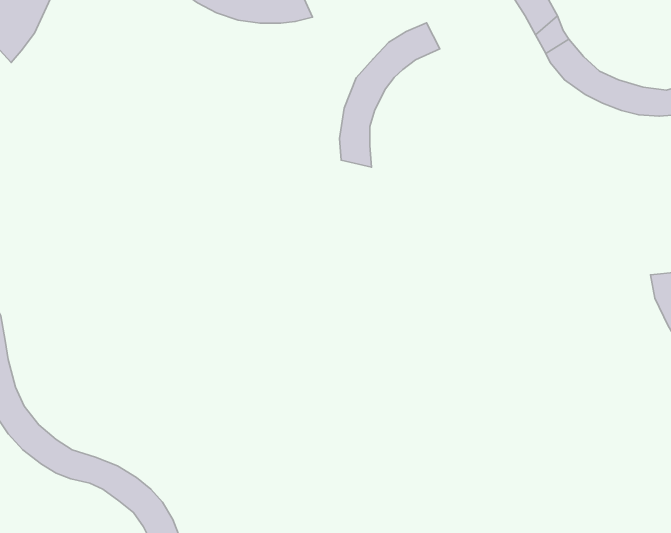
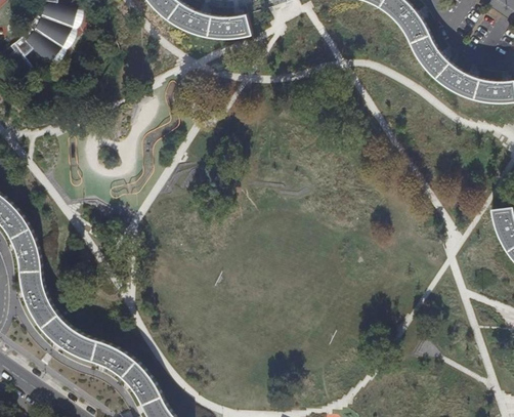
building: [339,23,440,167] -> none

